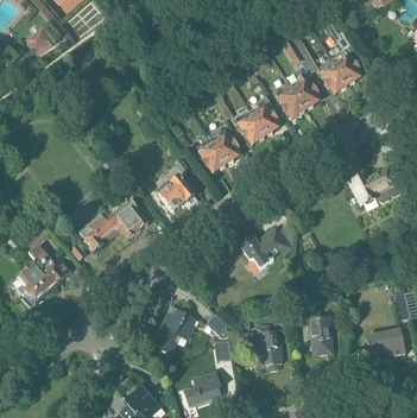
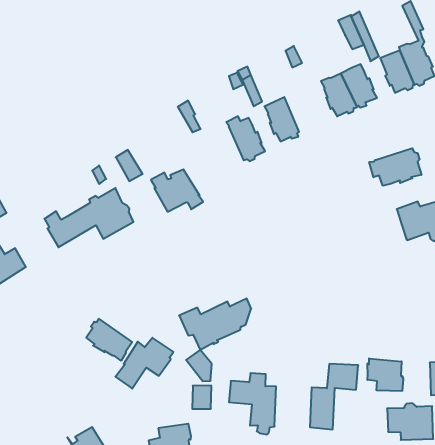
building: [249,96,280,134] -> none
building: none -> [369,148,421,186]
building: [196,138,226,172] -> none
building: [240,223,295,268] -> [179,298,251,350]
building: none -> [367,358,403,391]
building: none -> [86,319,132,361]

